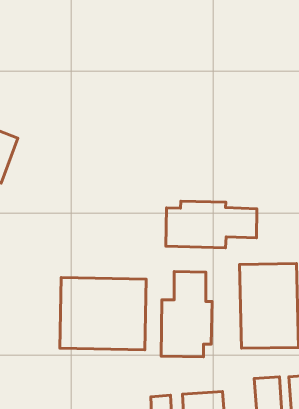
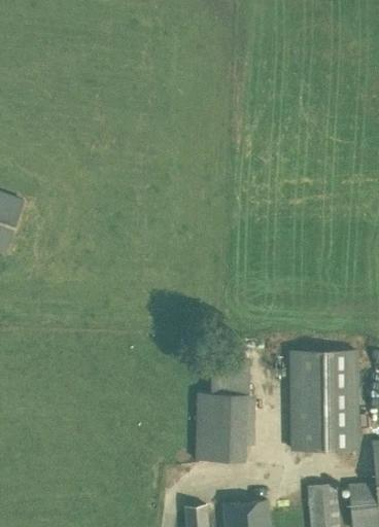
building: [166,201,257,248] -> none
building: [60,277,146,350] -> none

